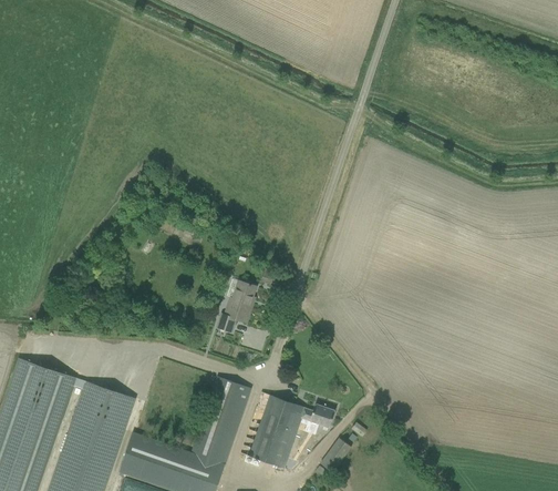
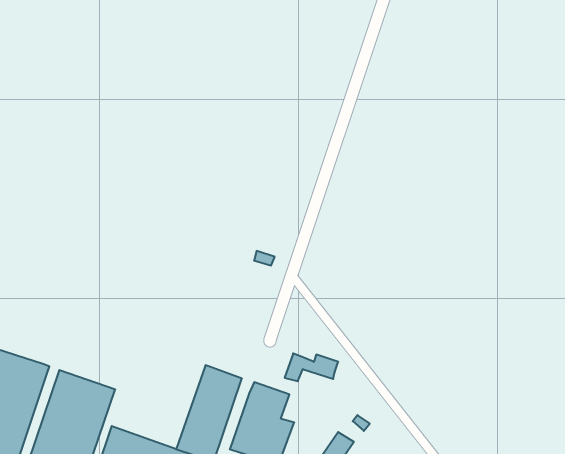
building: [217,283,256,334] -> none
building: [286,405,334,430] -> [285,353,338,381]

